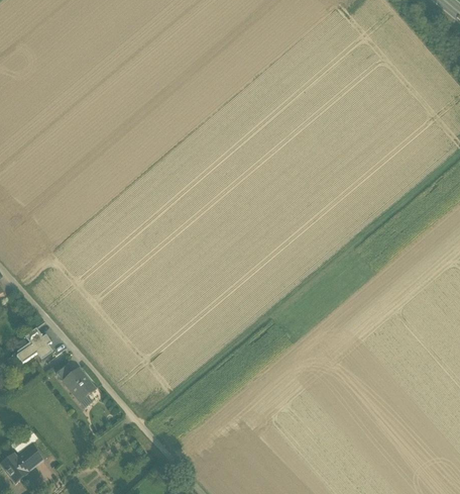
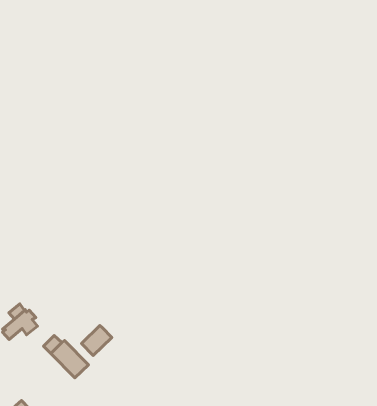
building: none -> [81,326,112,356]

